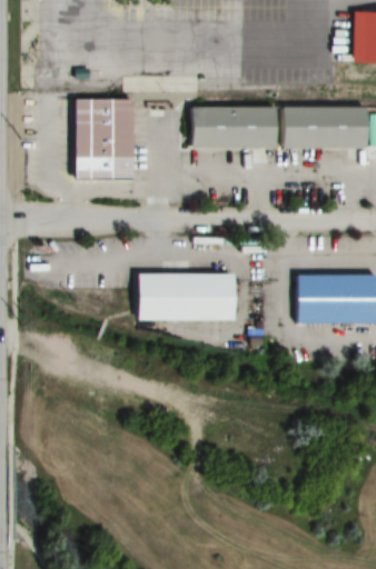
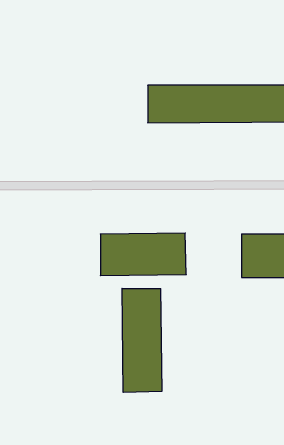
building: [76,99,135,180] -> none
building: none -> [122,288,162,392]

